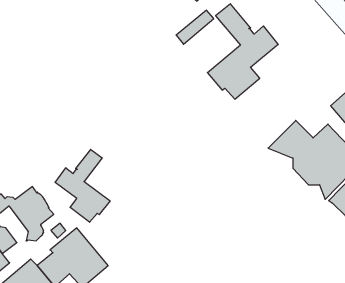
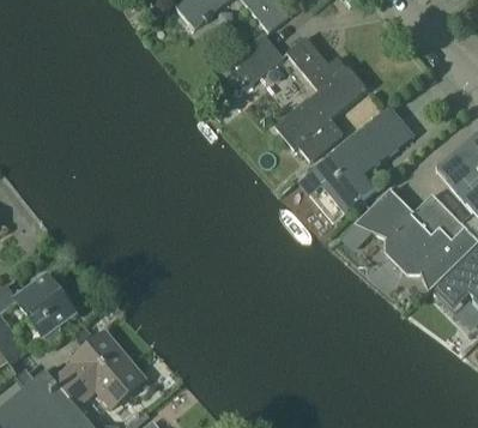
building: none -> [310,106,413,218]
building: [55,149,110,222] -> none

